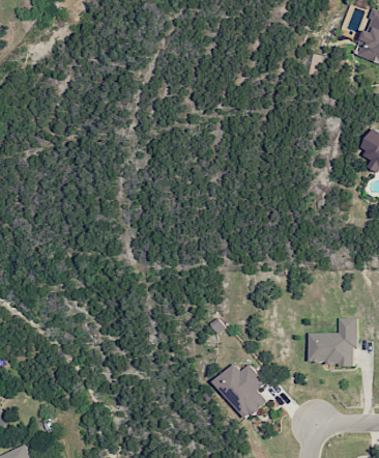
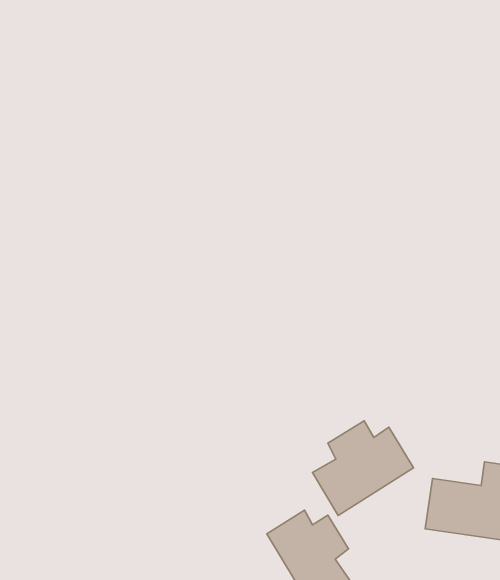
building: none -> [312,421,414,516]

